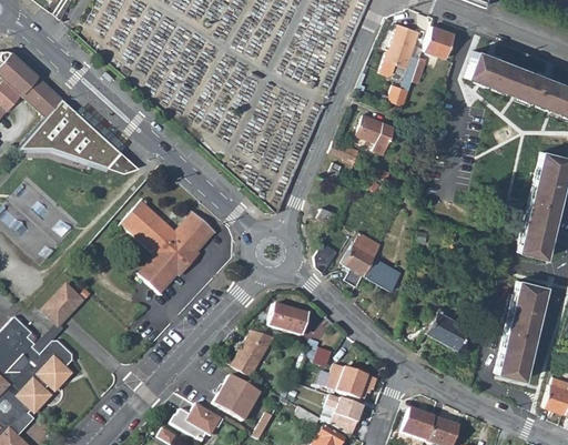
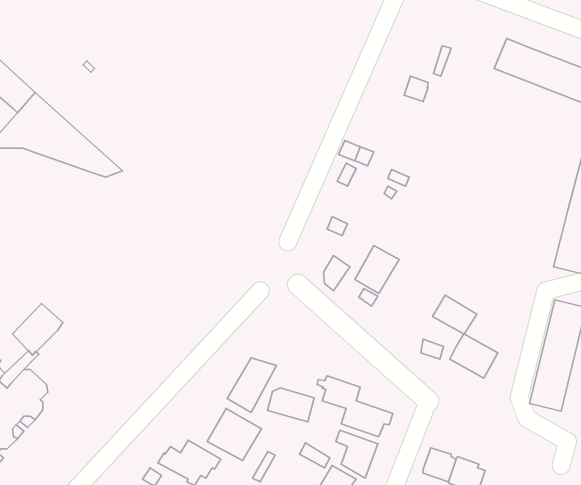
building: [378,23,419,75] -> none
building: [422,24,453,57] -> none
building: [356,114,395,154] -> none
building: [121,201,214,293] -> none
building: [364,255,403,290] -> [433,295,477,334]
building: [267,305,308,335] -> [268,388,314,422]

